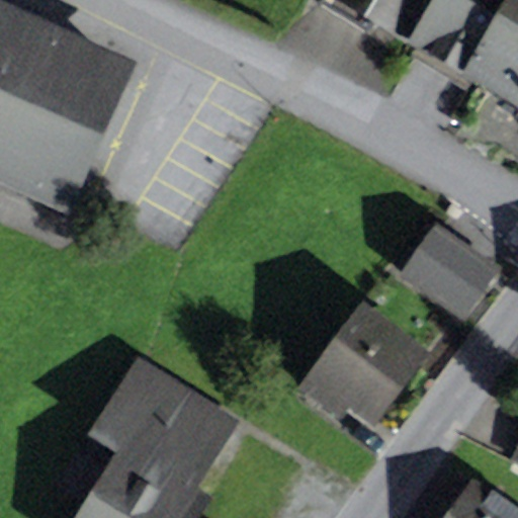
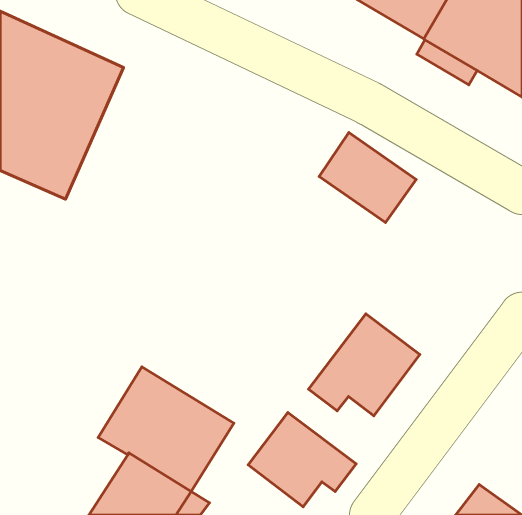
building: [396,220,492,309] -> [319,133,416,223]
building: none -> [248,413,356,507]

